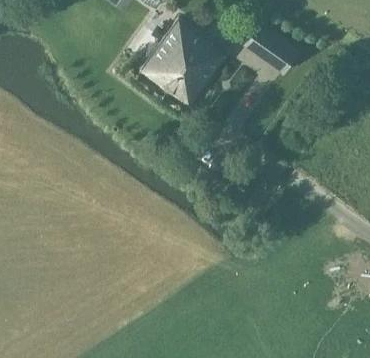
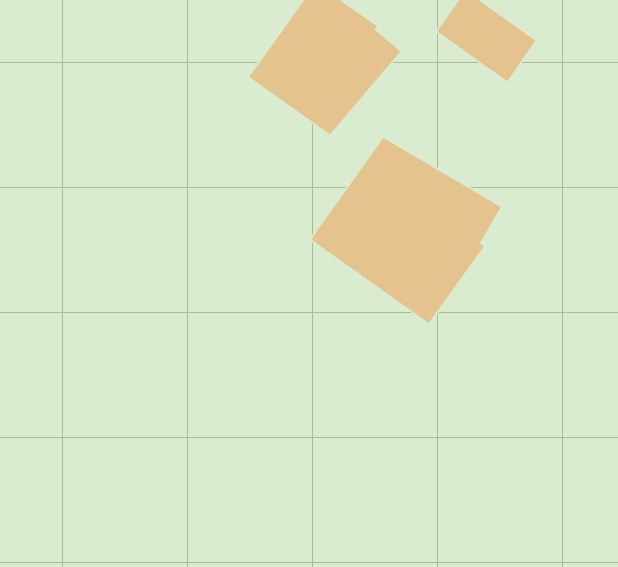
building: none -> [310,137,502,324]

